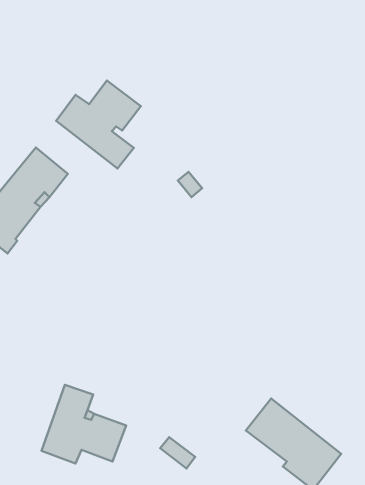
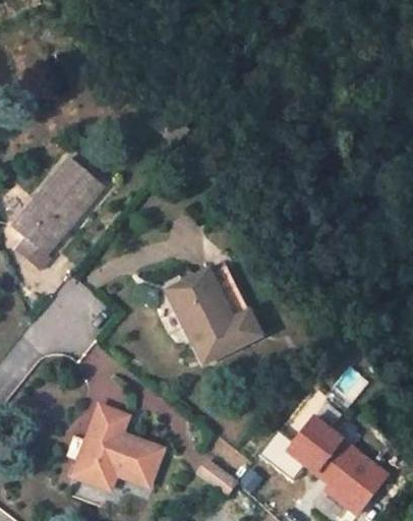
building: [56,81,141,169] -> none
building: none -> [167,265,259,361]

